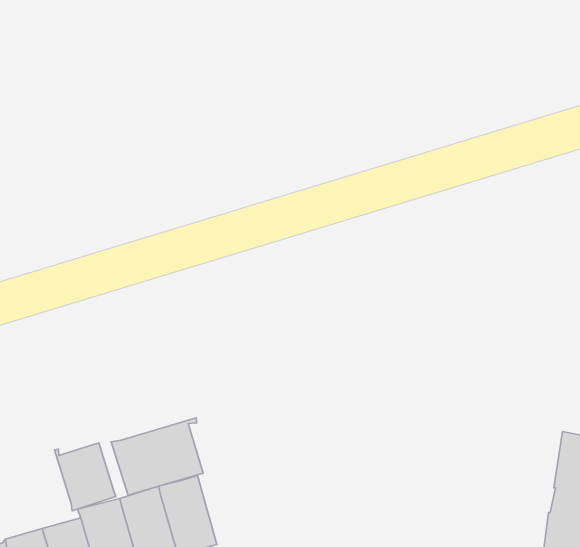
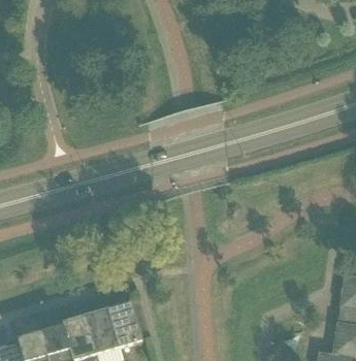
building: [111,418,203,495] -> none
building: [54,443,116,511] -> none

